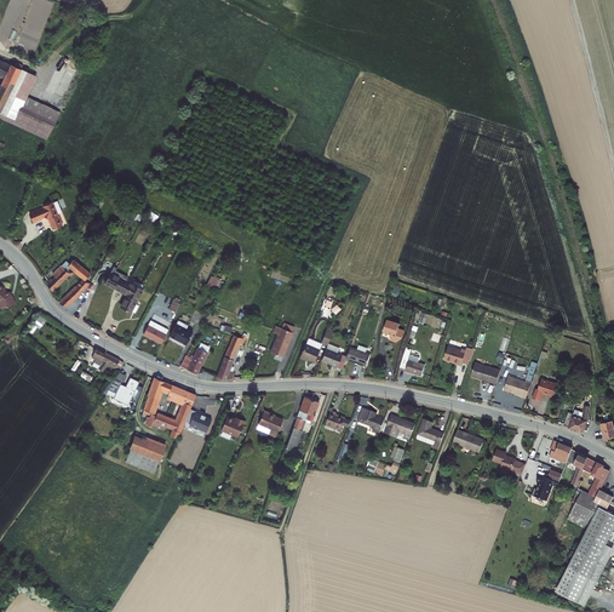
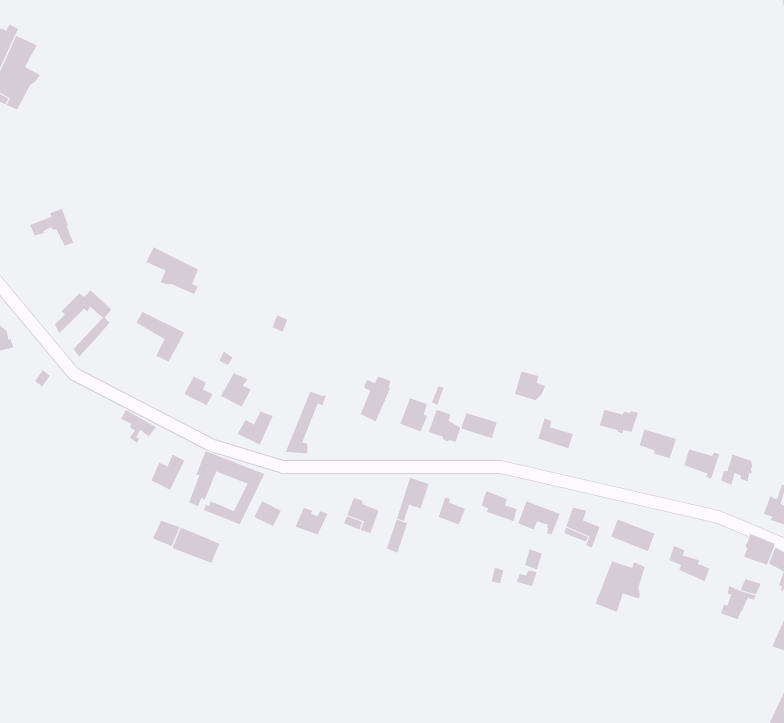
building: [19,103,61,139] -> none
building: none -> [145,246,199,295]
building: none -> [595,560,646,613]

